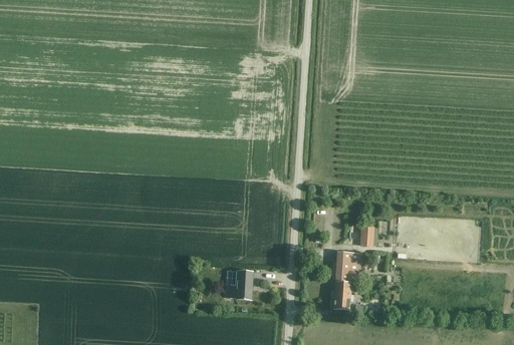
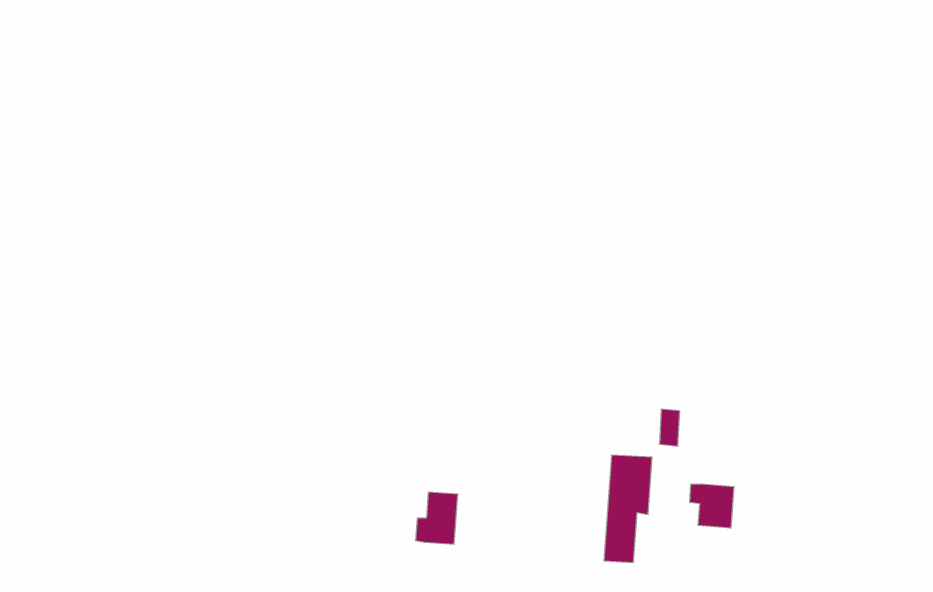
building: none -> [690,484,734,528]

